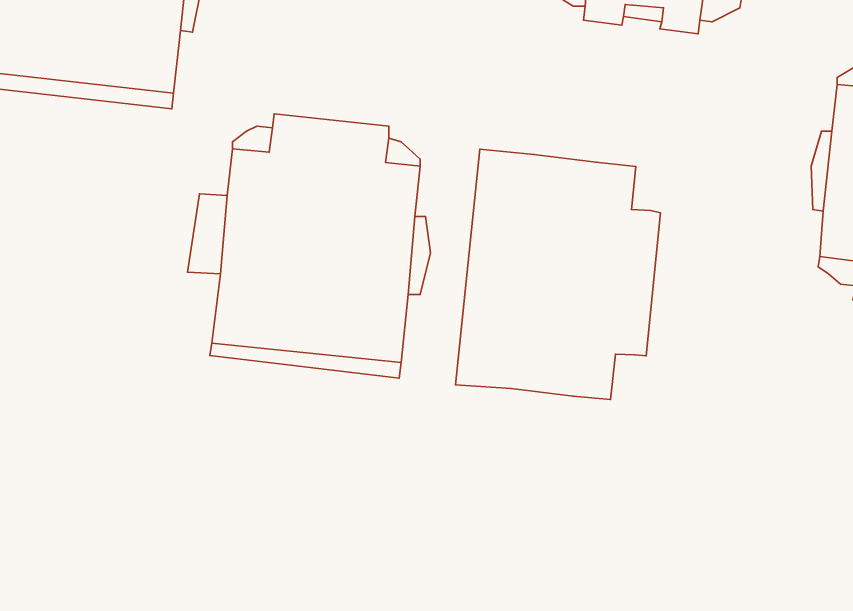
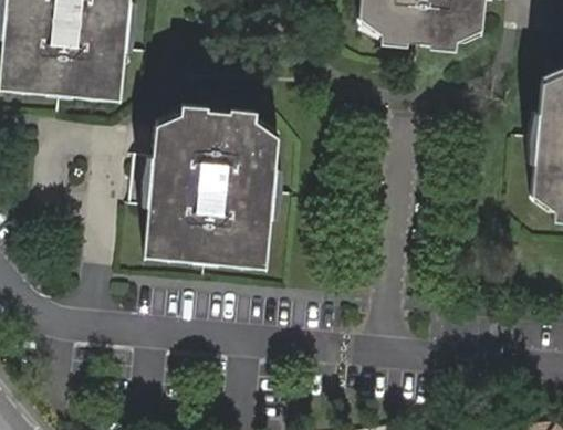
building: [455,149,660,399] -> none

